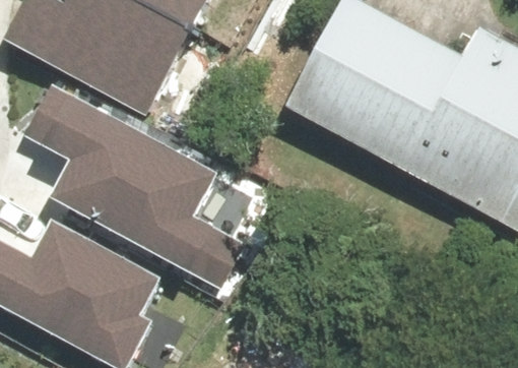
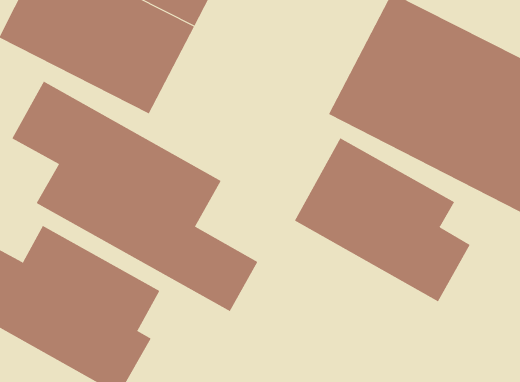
building: none -> [294,138,470,302]

